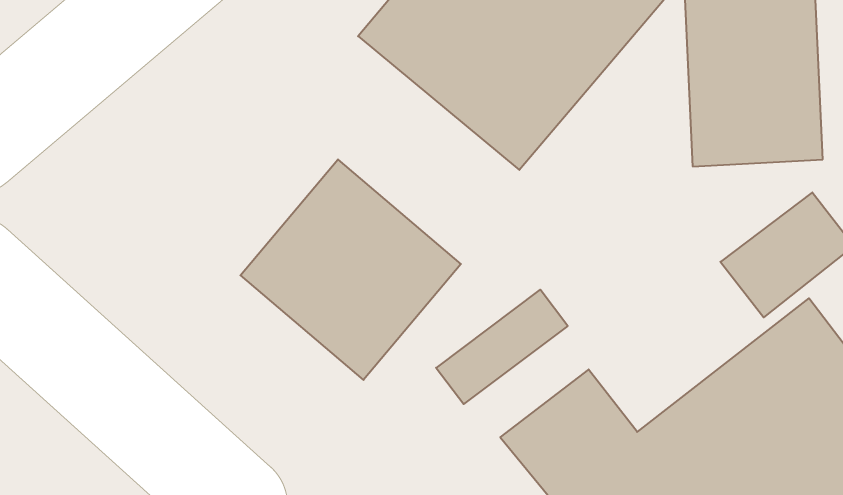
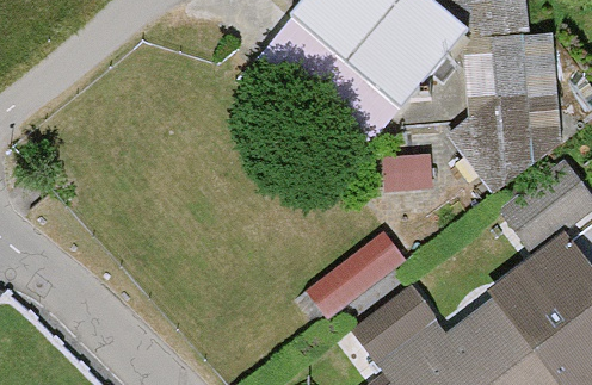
building: [240,159,461,380] -> none

